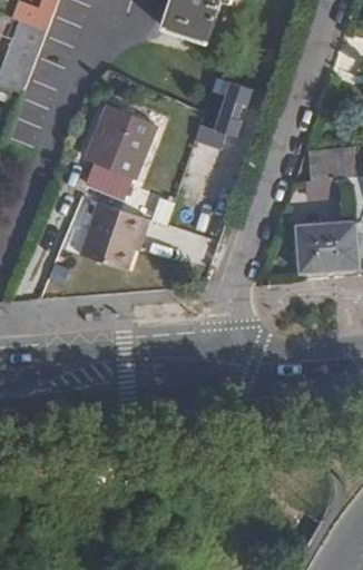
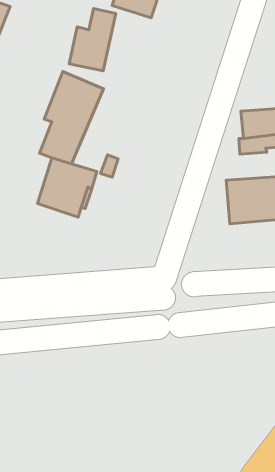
building: [193,81,246,153] -> [69,9,116,71]

